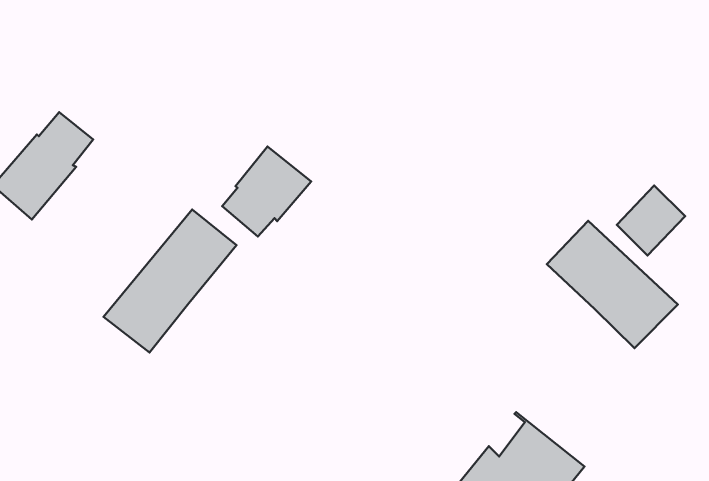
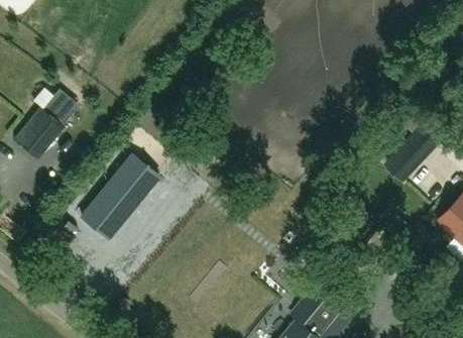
building: [222,146,311,237] -> none
building: [547,221,678,348] -> none

